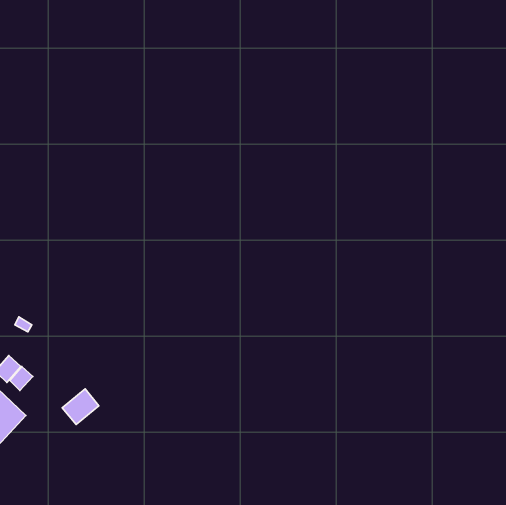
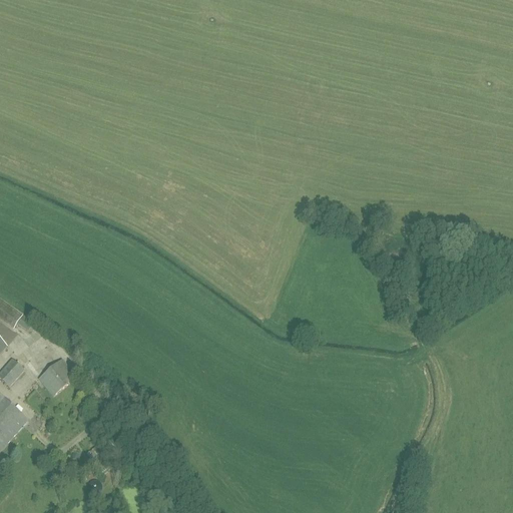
building: [62,389,99,425] -> [36,358,73,394]

